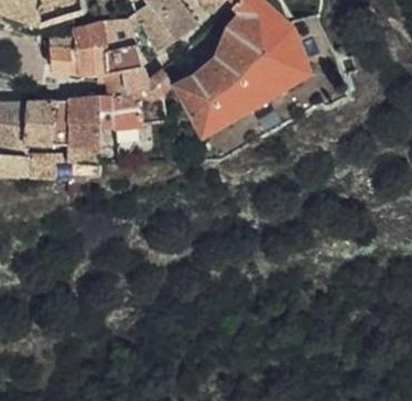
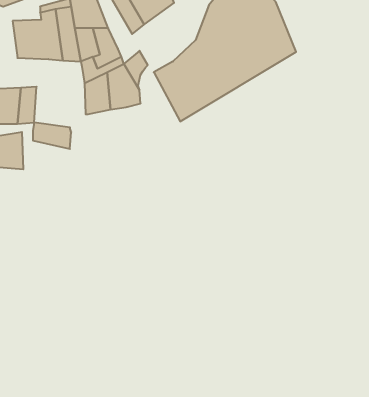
building: [66,100,100,139] -> none

